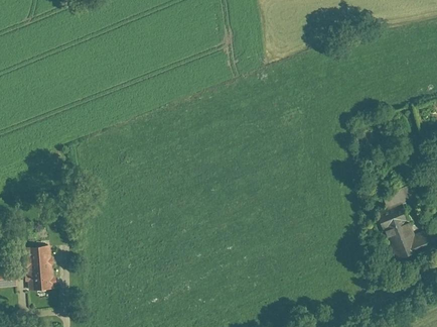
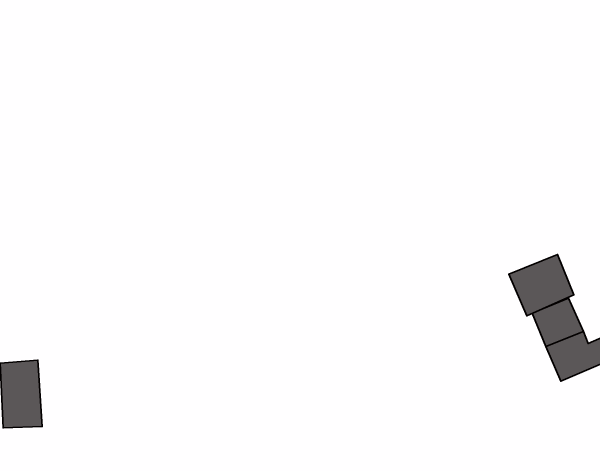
building: none -> [509,254,574,316]

